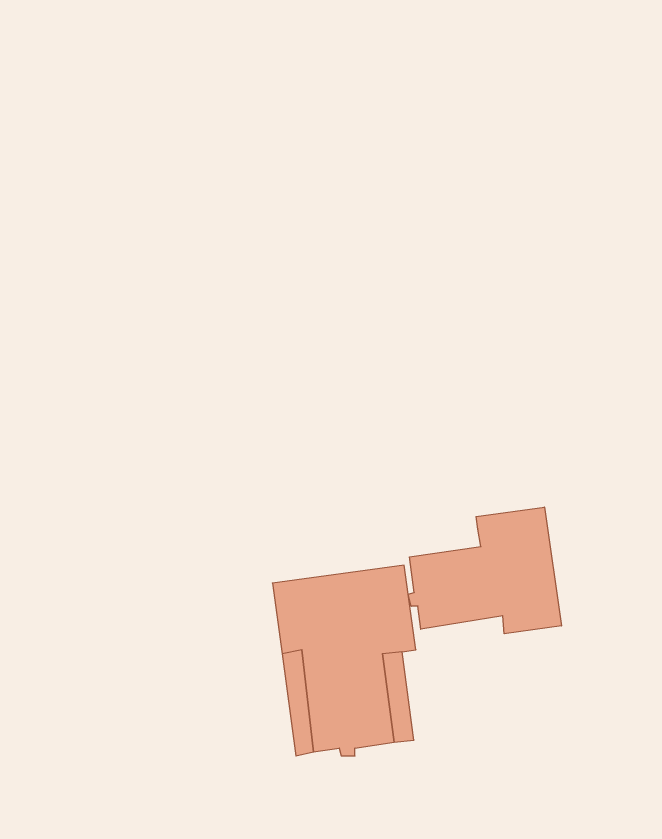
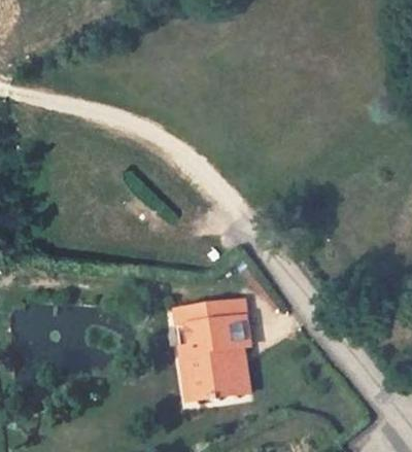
building: [408,507,561,634] -> none

